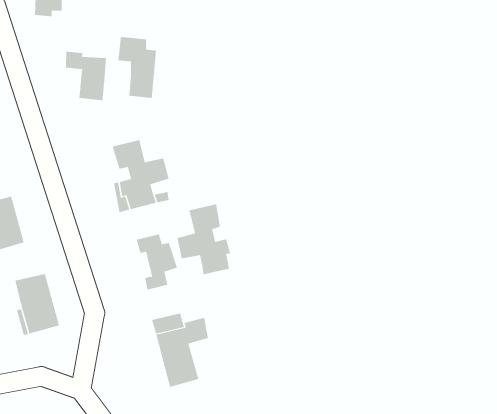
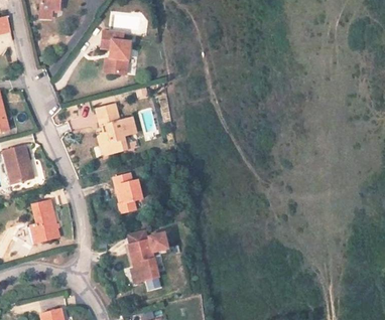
building: [65,51,107,101] -> none
building: [177,203,231,275] -> none

